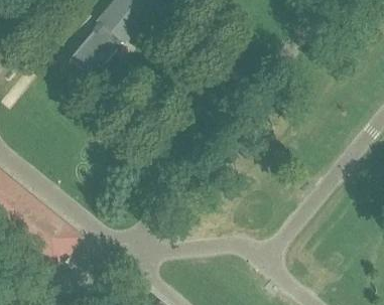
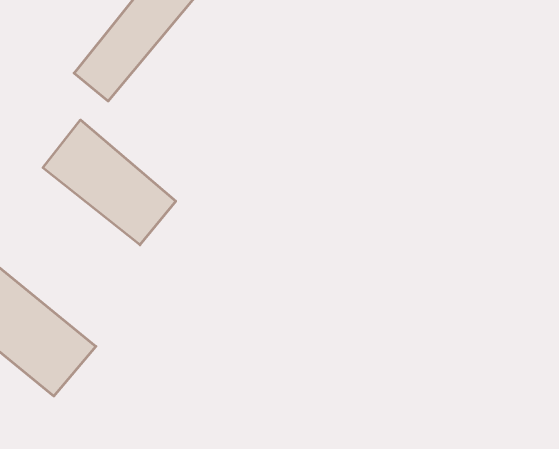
building: none -> [43,120,176,245]

